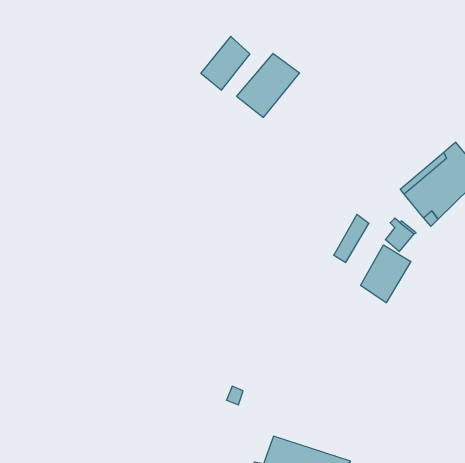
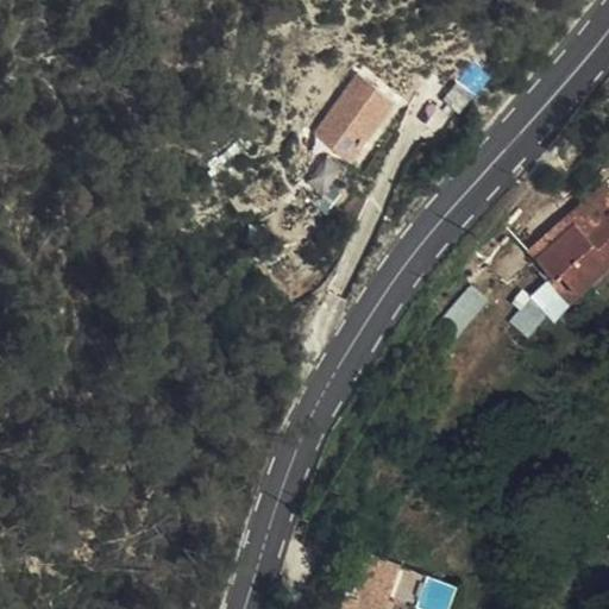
building: [201,36,250,90] -> none
building: [361,245,411,303] -> none

